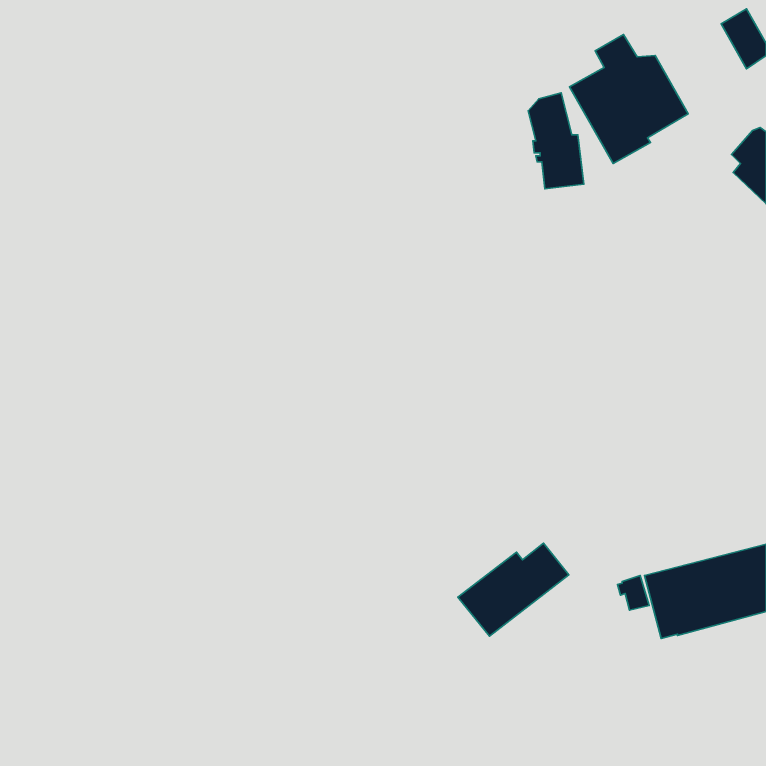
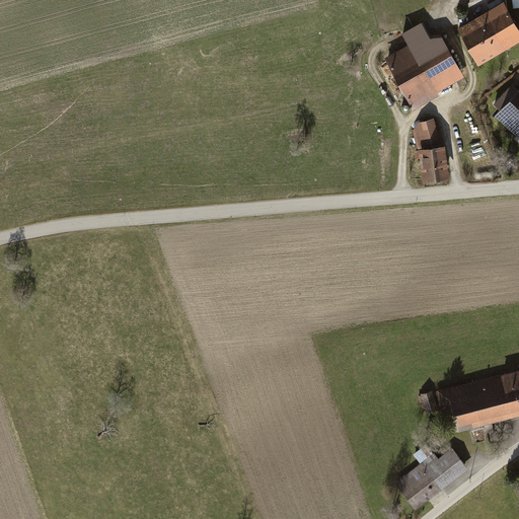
building: none -> [460,16,505,62]
building: [528,93,584,189] -> [413,119,450,183]
building: [458,543,569,636] -> [394,446,469,509]

